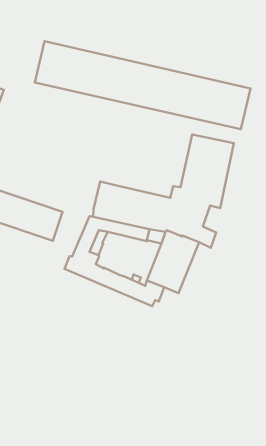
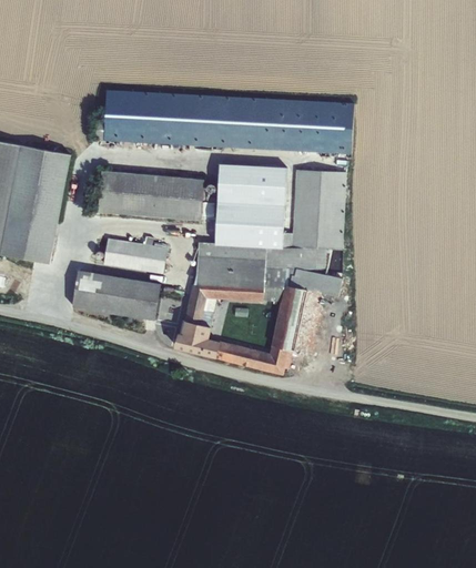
building: none -> [98,172,203,220]
building: none -> [214,164,286,247]
building: none -> [102,236,165,273]

